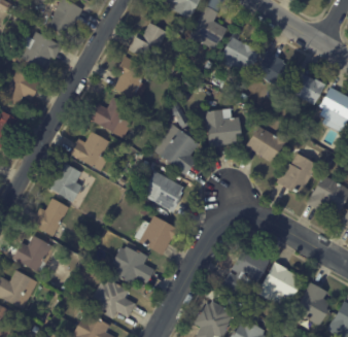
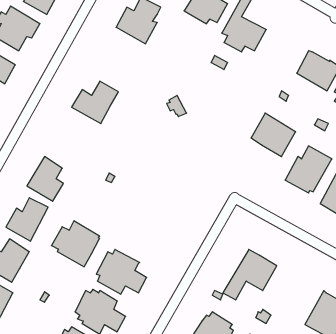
building: [255,52,294,89] -> none
building: [114,56,148,98] -> none
building: [205,110,241,147] -> none
building: [161,127,200,174] -> none
building: [71,132,109,171] -> none
building: [145,171,184,211] -> none
building: [135,214,177,255] -> [51,221,100,267]
building: [259,261,298,297] -> none

